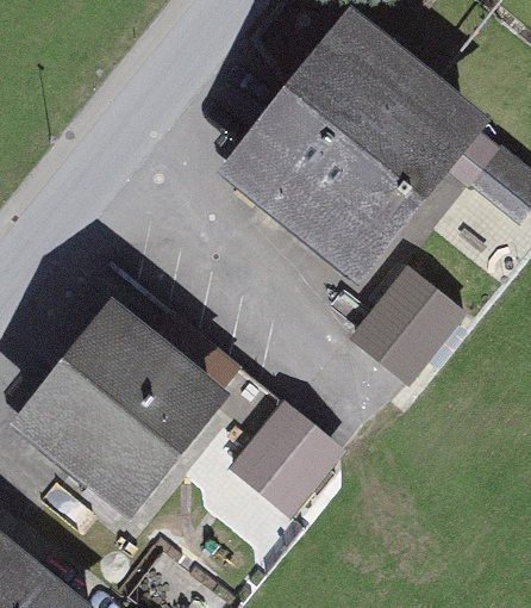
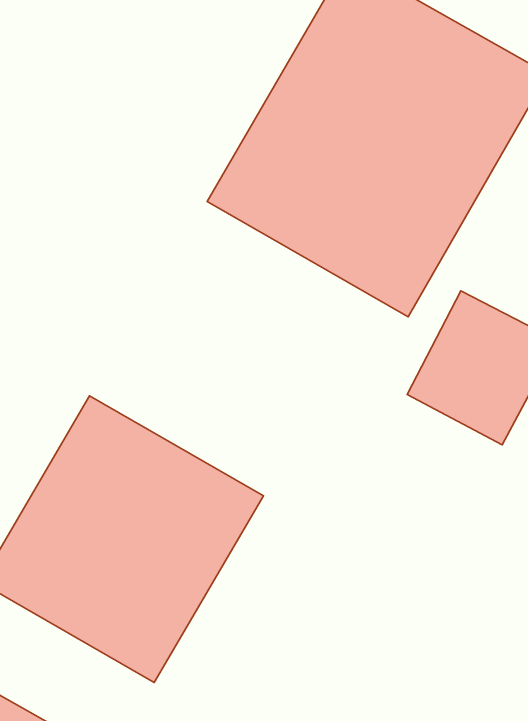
building: [230,407,344,522] -> none

